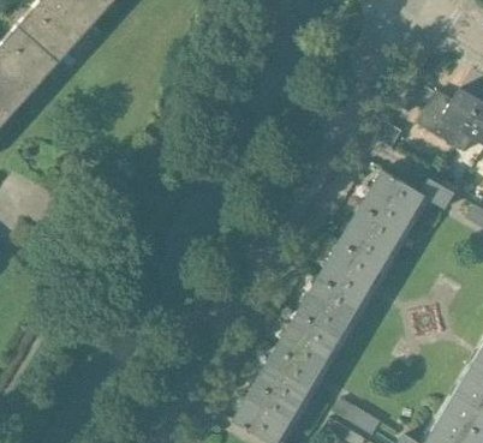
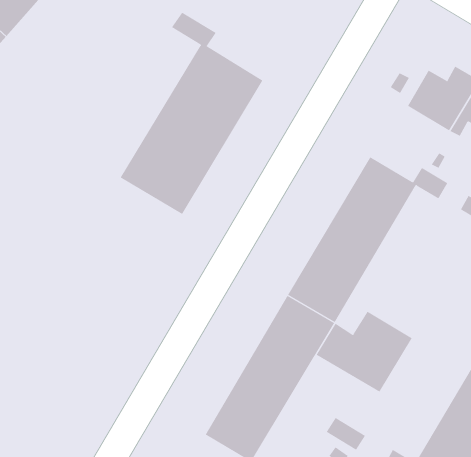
building: none -> [120,12,263,215]
building: none -> [316,311,412,392]

